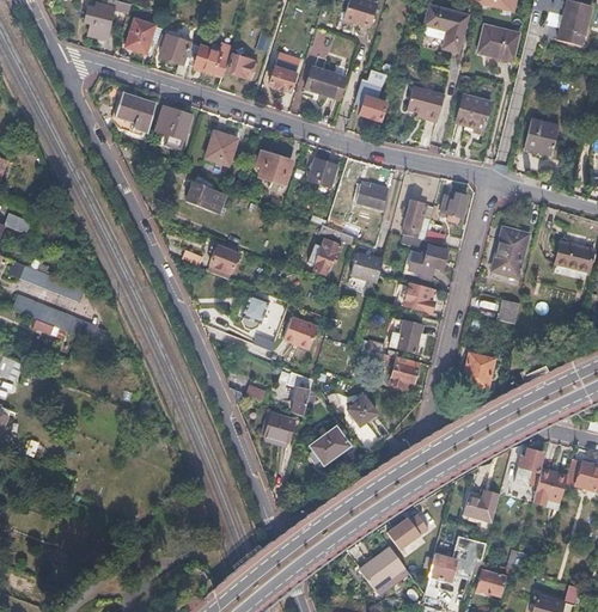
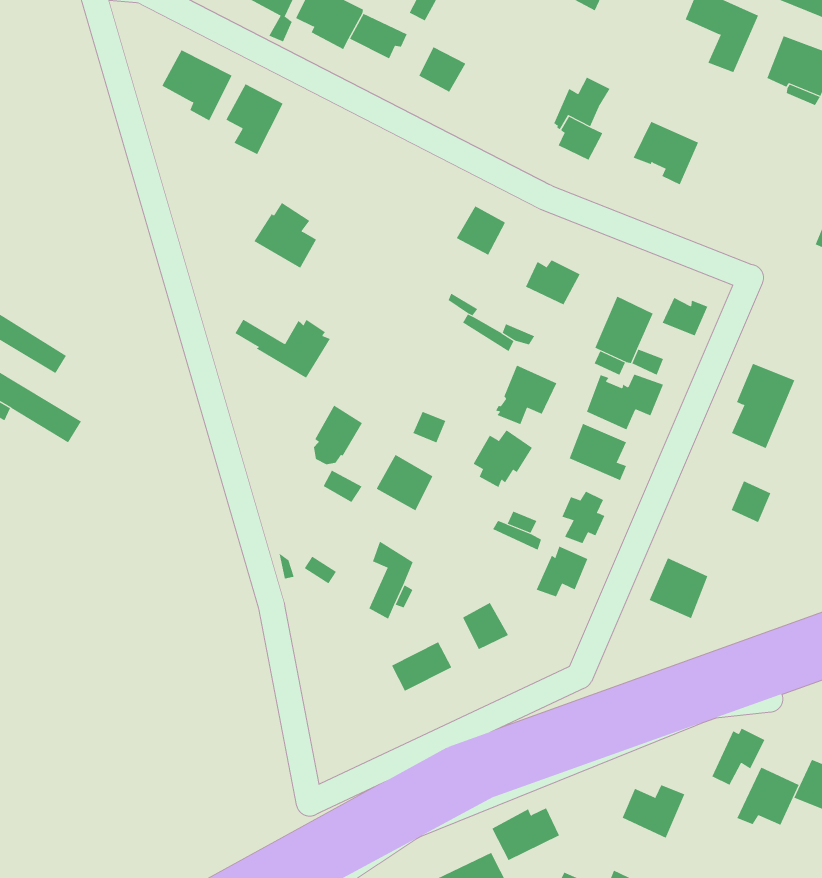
building: [304,66,346,98] -> none
building: [456,96,490,134] -> none
building: [205,130,238,166] -> none
building: [258,146,292,183] -> none
building: [307,239,342,275] -> [473,430,533,488]
building: [263,414,293,442] -> none

